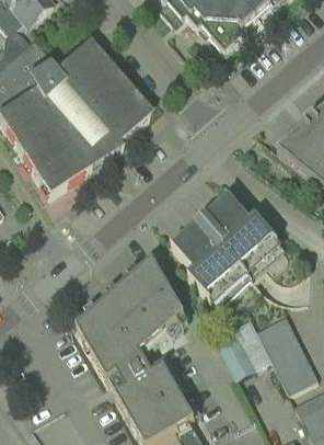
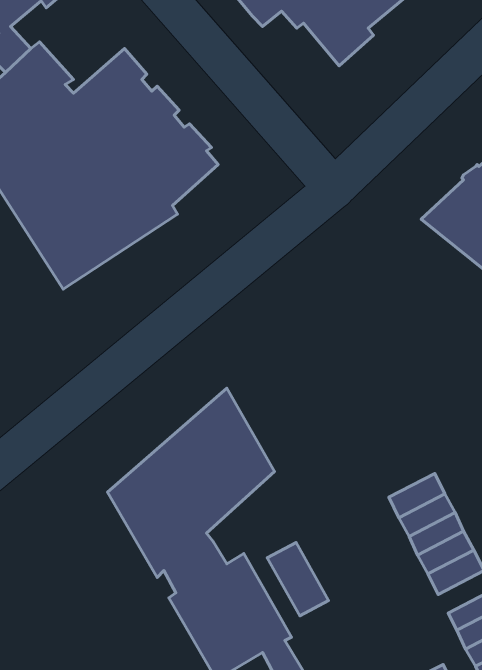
building: [175,198,285,308] -> none
building: [216,332,255,379] -> [267,542,329,616]

